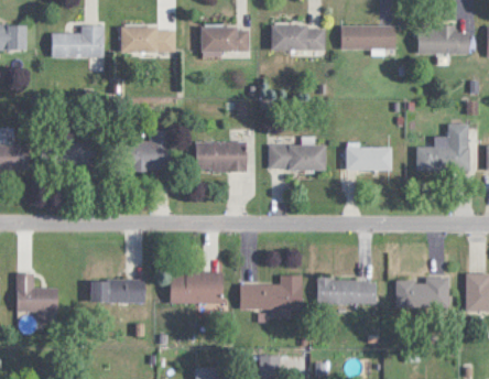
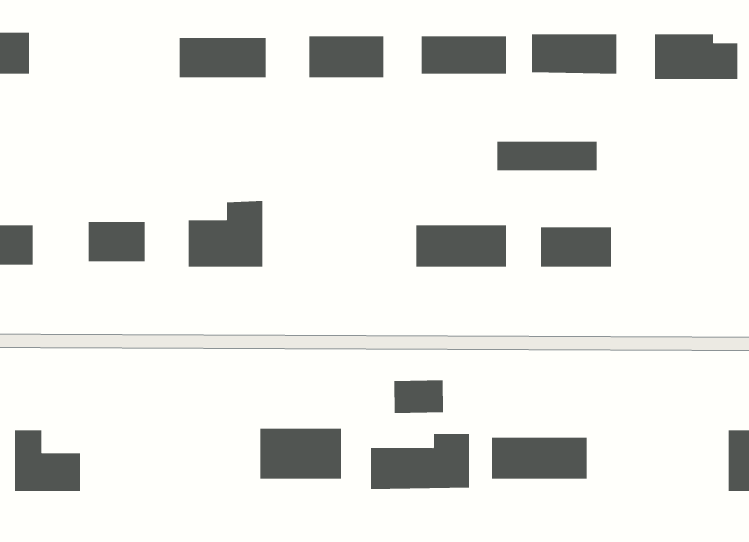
building: [52,24,105,57] -> none
building: none -> [497,141,597,171]
building: [416,123,470,173] -> none
building: [195,141,247,171] -> none
building: none -> [394,380,444,414]
building: [90,279,145,304] -> none
building: [396,279,448,307] -> none

